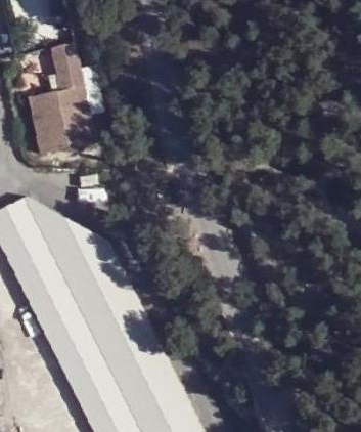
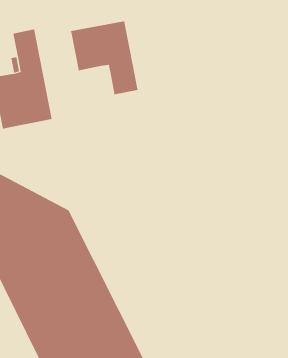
building: none -> [71,20,138,95]

